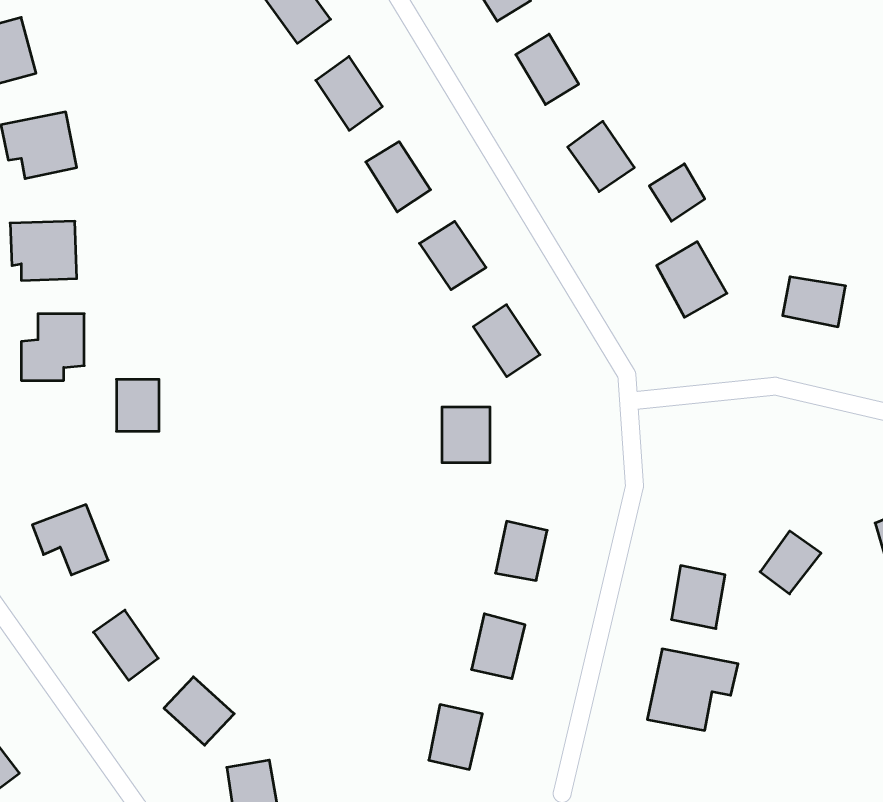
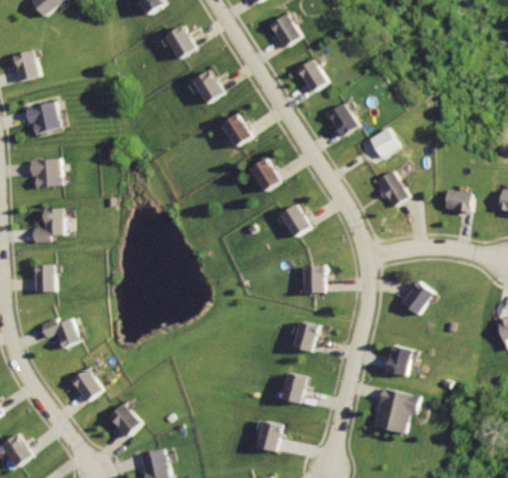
building: [116,379,159,431] -> [32,263,55,291]
building: [442,407,490,463] -> [297,264,323,294]
building: [760,531,821,594] -> [397,278,430,312]

